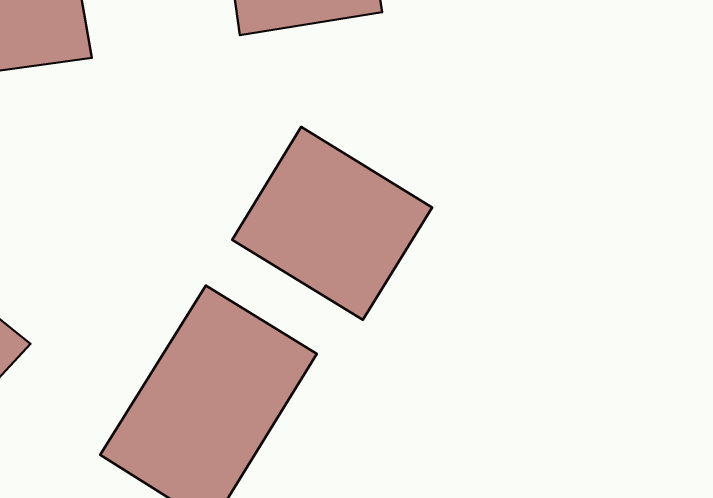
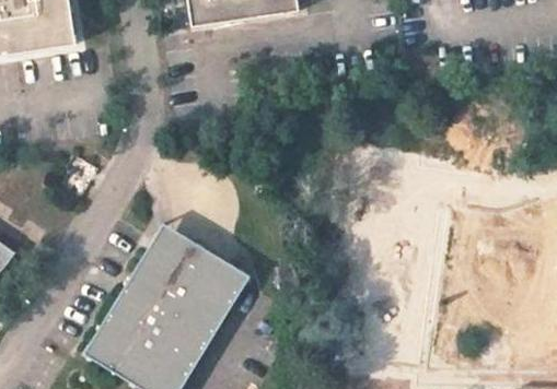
building: [232,127,432,320] -> none

